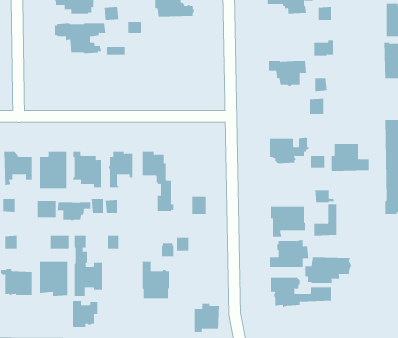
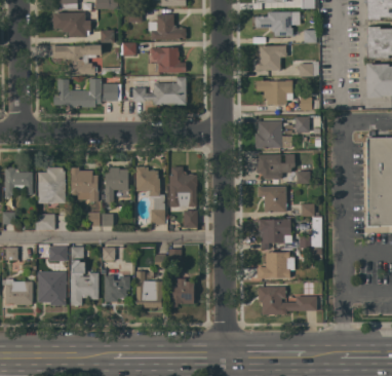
building: none -> [254,45,286,70]
building: none -> [147,46,186,74]
building: none -> [132,76,187,105]
building: none -> [53,77,120,107]
building: [331,144,370,172] -> [254,121,291,148]
building: none -> [168,165,197,206]
building: none -> [257,186,286,212]
building: [57,201,91,221] -> none
building: [305,256,352,284] -> none
building: [72,300,98,327] -> [105,275,129,301]
building: [194,303,220,332] -> [169,278,194,306]

